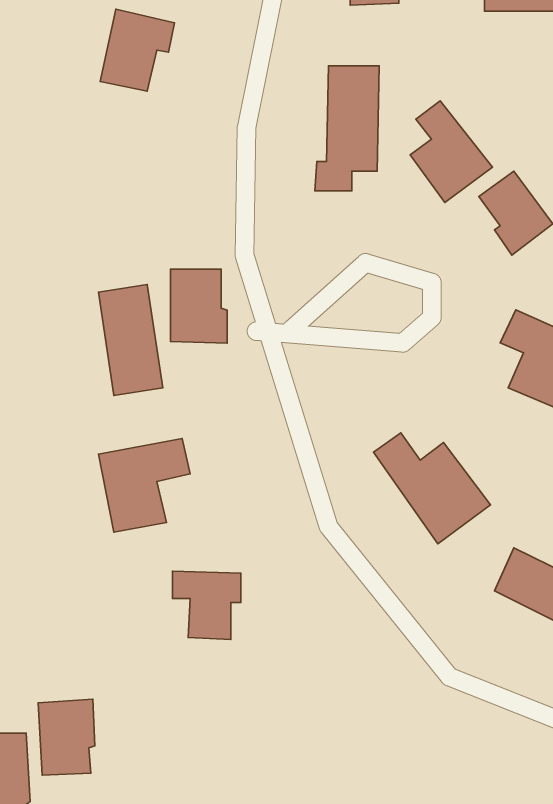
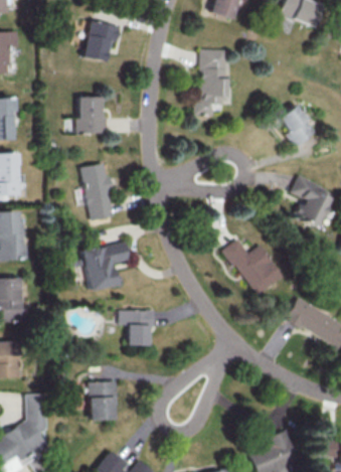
building: [410,101,492,202] -> none
building: [171,269,227,343] -> [77,96,107,134]
building: [38,699,95,775] -> [89,380,118,420]

